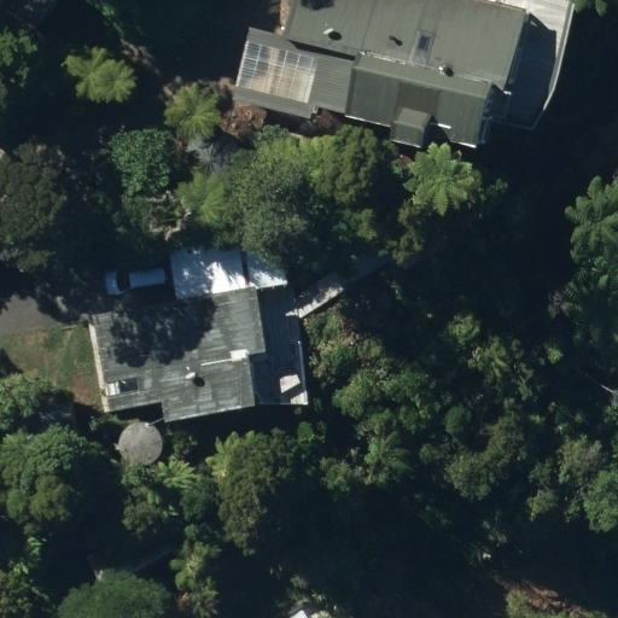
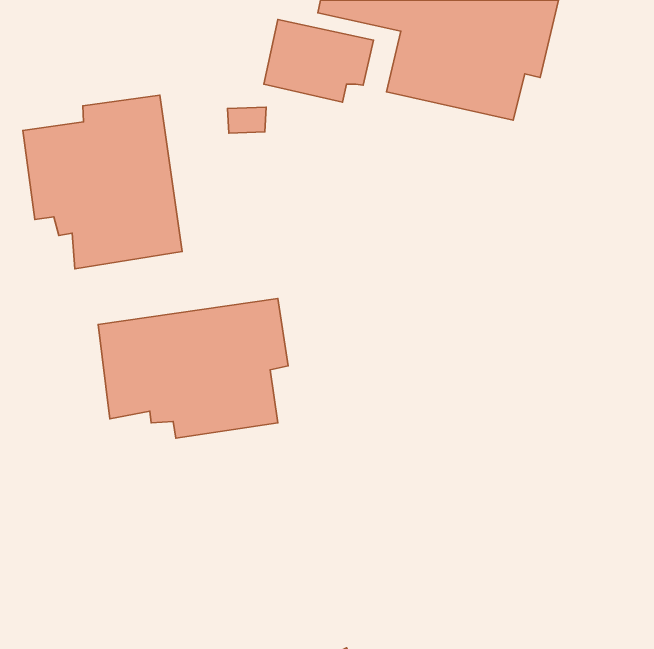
building: none -> [23,95,182,269]

